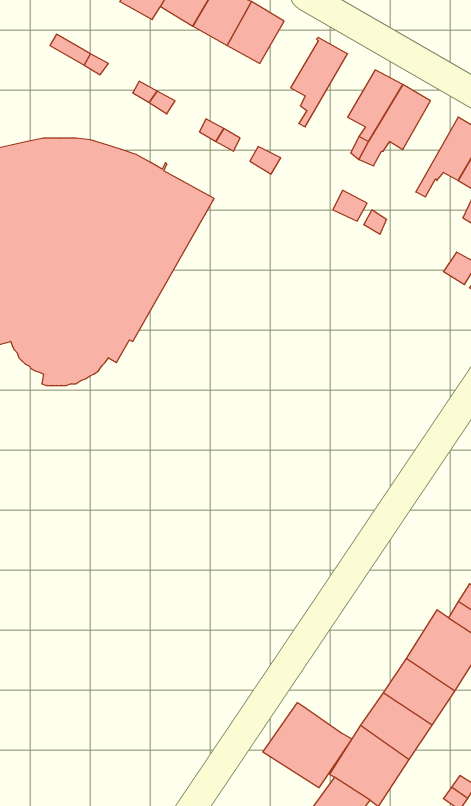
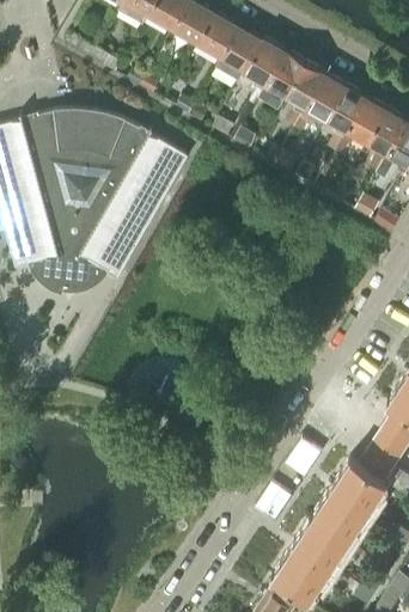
building: none -> [212,25,264,91]
building: none -> [255,49,306,106]
building: none -> [326,84,367,151]
building: [263,703,352,788] -> none

